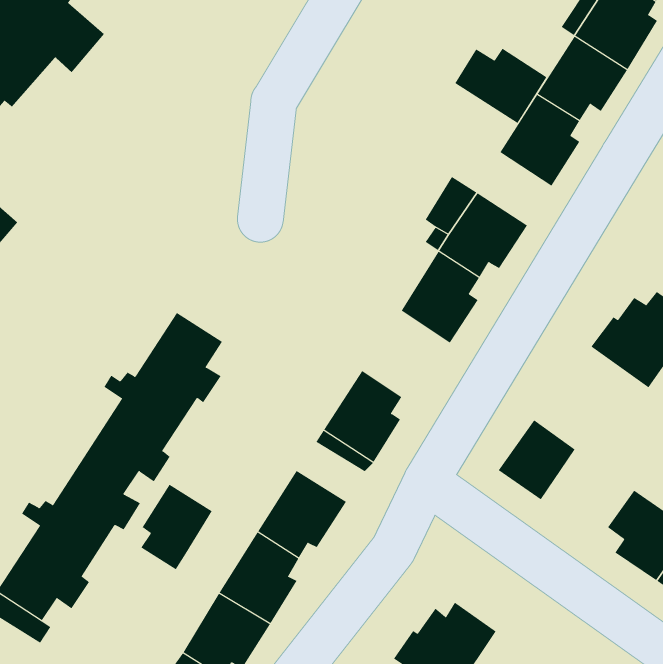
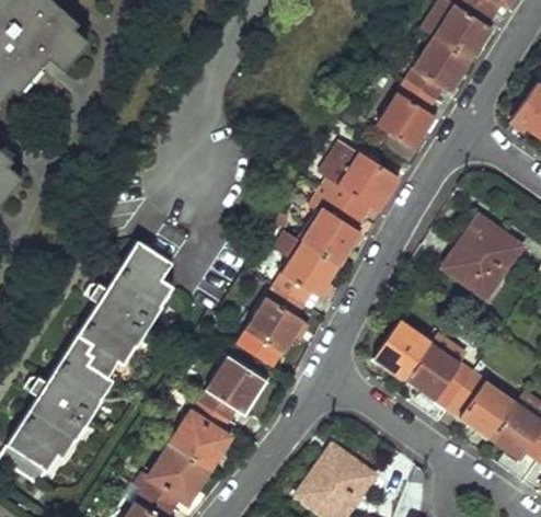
building: [455,48,547,124] -> none
building: none -> [275,240,339,303]
building: none -> [406,342,474,400]
building: [140,484,212,570] -> none

